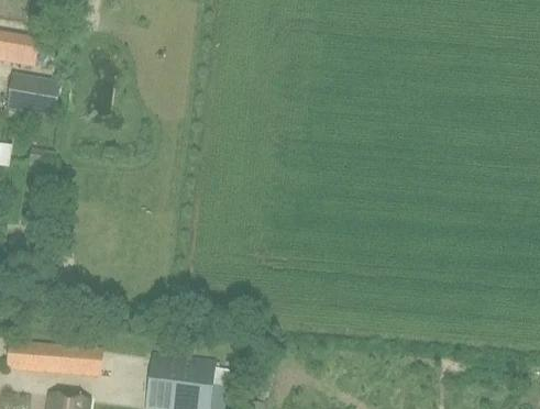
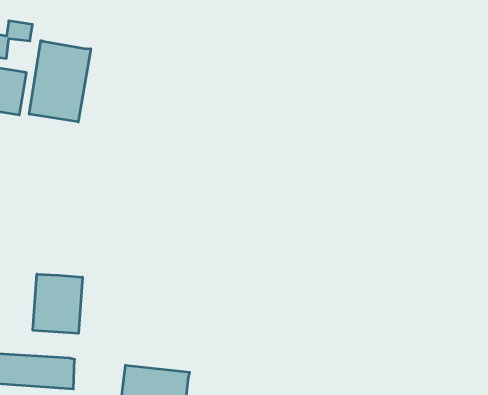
building: none -> [29,41,91,122]
building: none -> [33,274,82,333]

